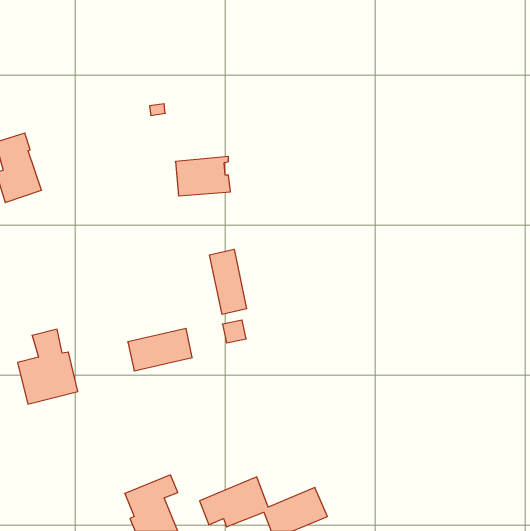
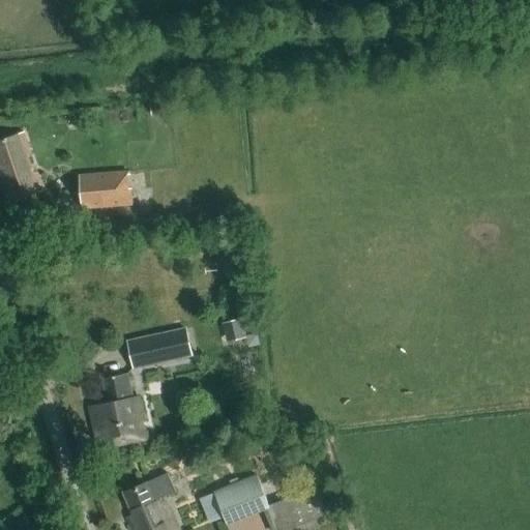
building: [175,156,230,196] -> [78,170,132,209]
building: [210,249,247,314] -> none
building: [18,329,78,404] -> [89,374,149,448]

